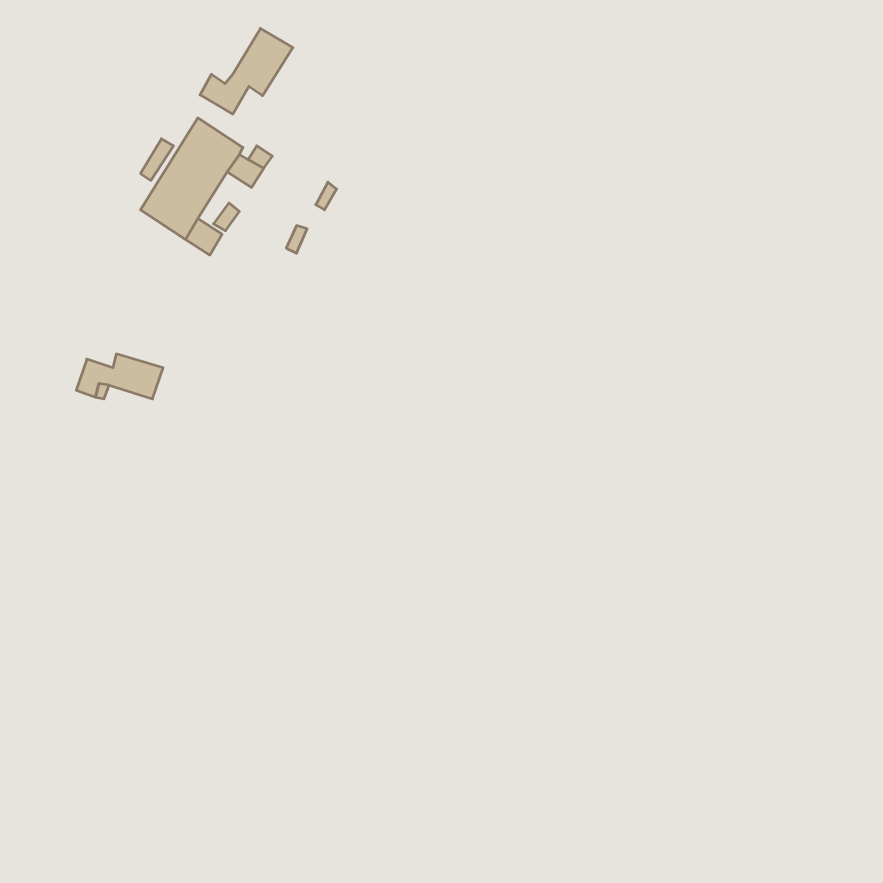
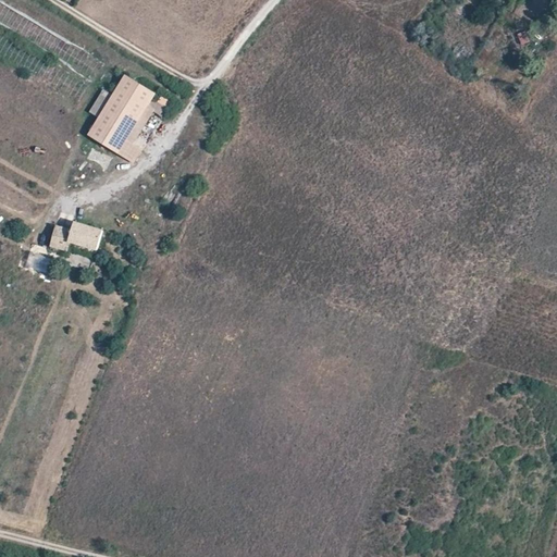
building: [200,28,293,114] -> none

